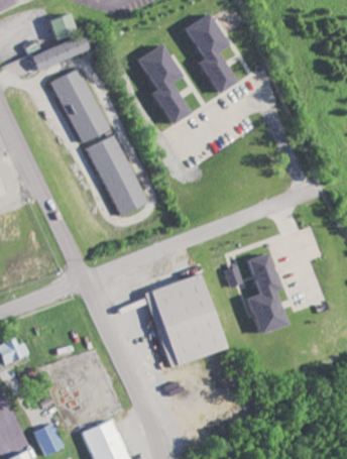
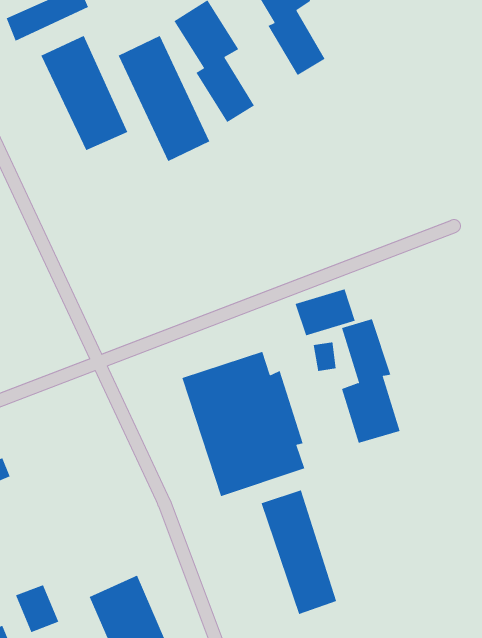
building: [88,135,147,217] -> [118,35,210,162]
building: none -> [295,289,355,336]
building: none -> [261,490,337,615]

